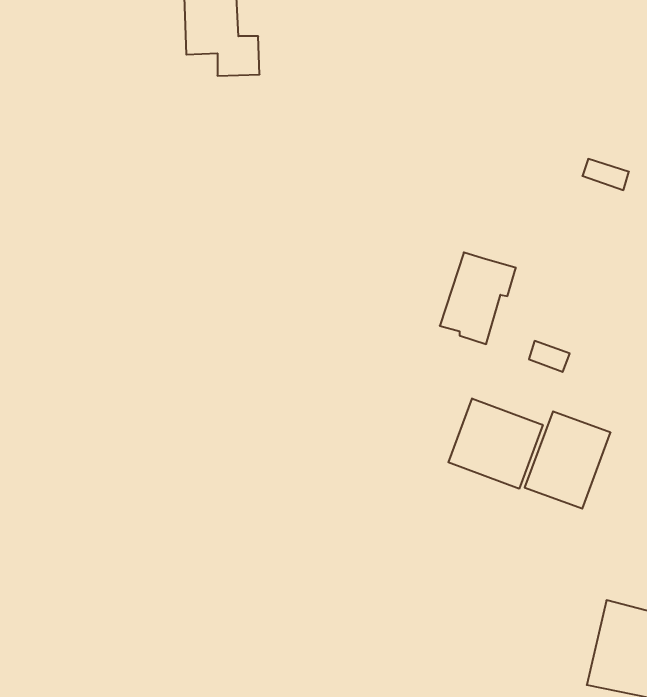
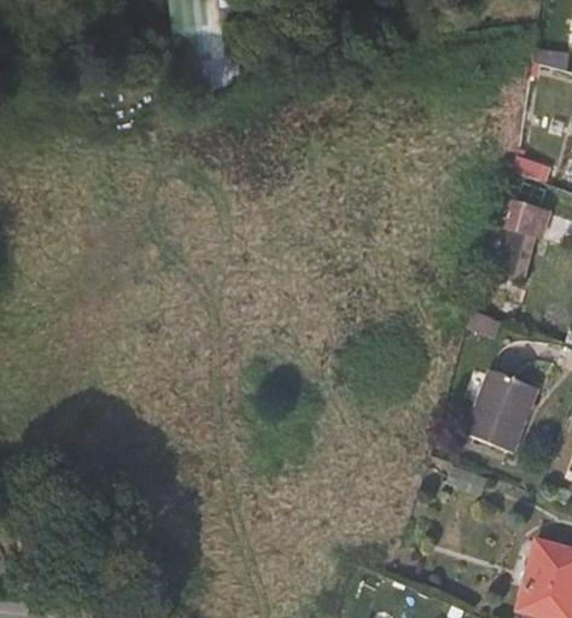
building: [440,252,516,344] -> [486,196,551,274]
building: [448,398,543,489] -> none

